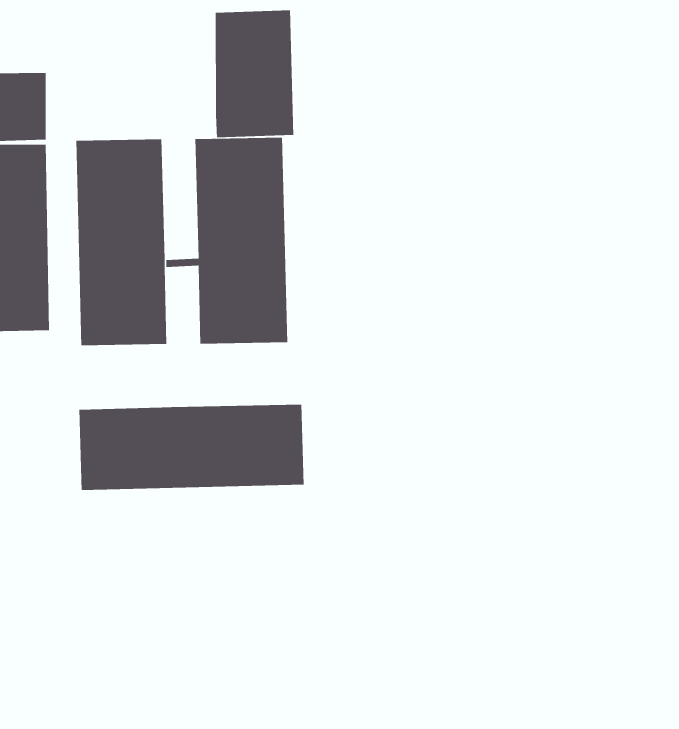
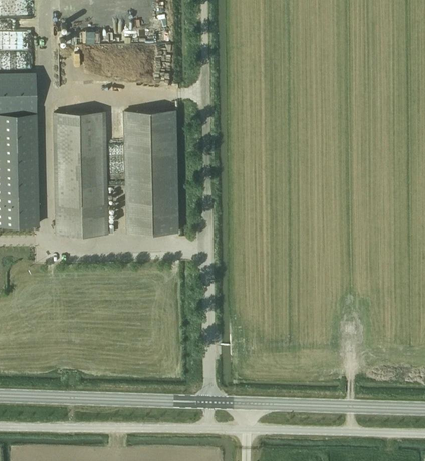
building: [215,10,294,138] -> none
building: [78,404,305,491] -> none

